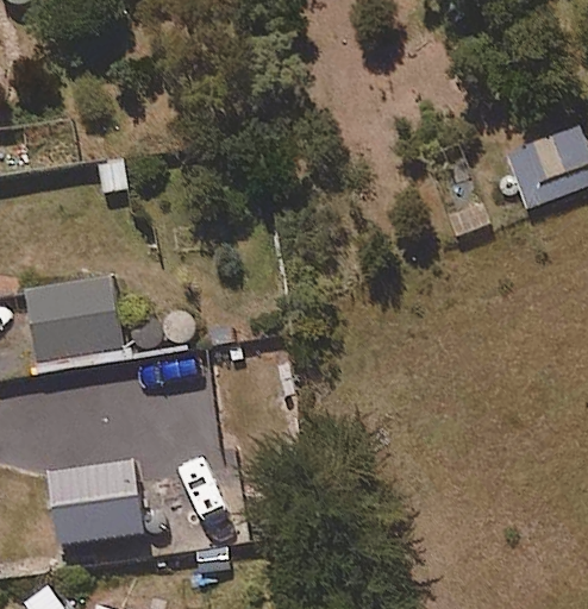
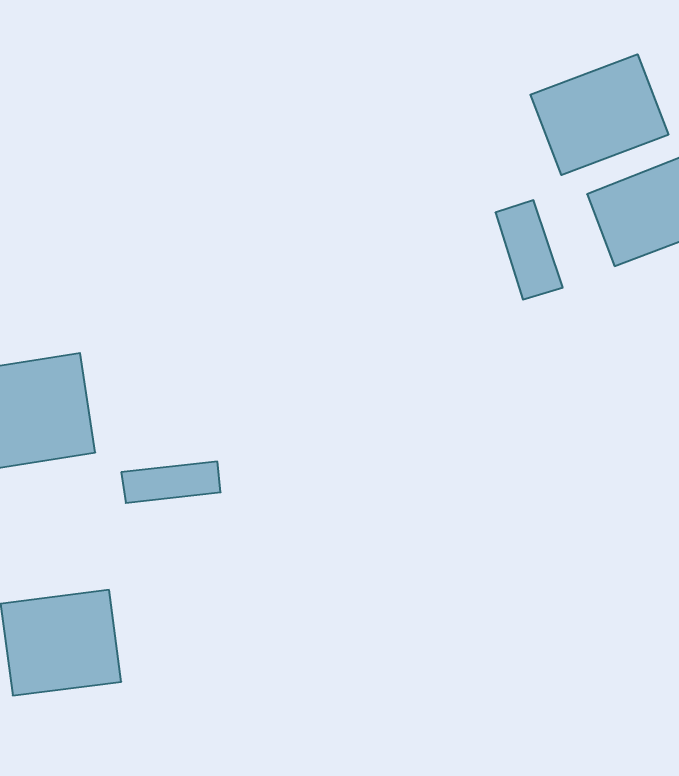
building: none -> [530,54,668,175]

